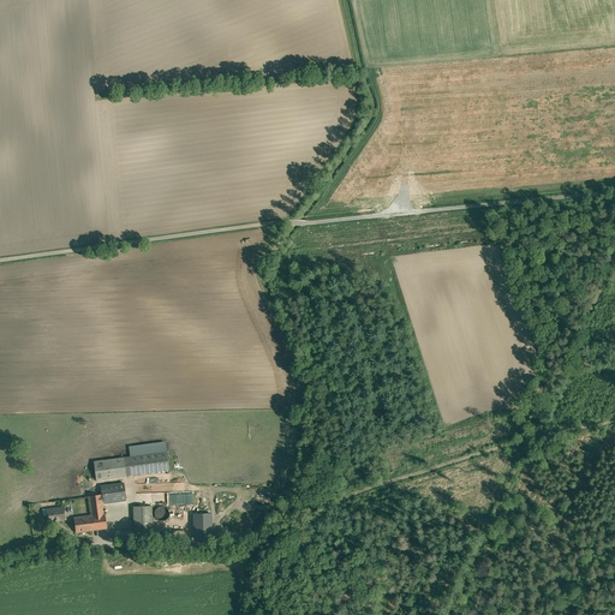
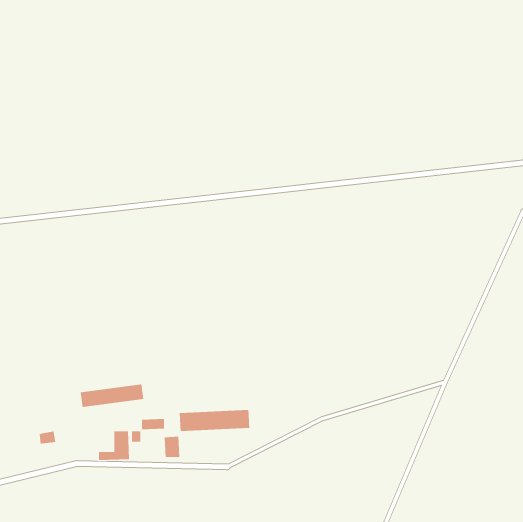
building: none -> [179,409,250,432]
building: [73,482,125,532] -> none

